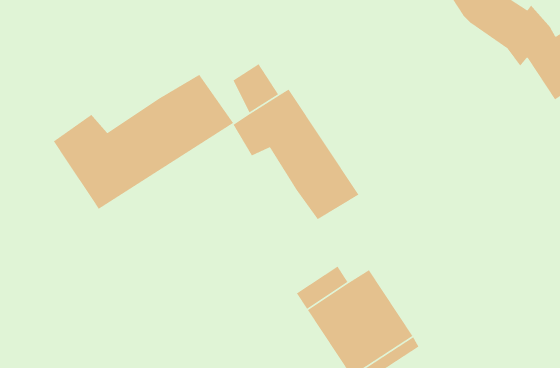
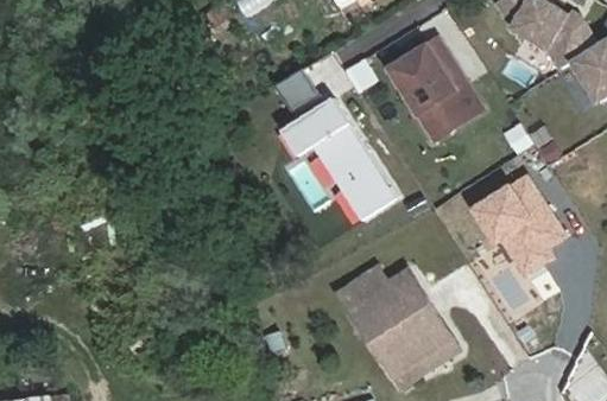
building: none -> [382,34,489,145]
building: [53,74,234,210] -> none
building: none -> [469,174,569,278]

